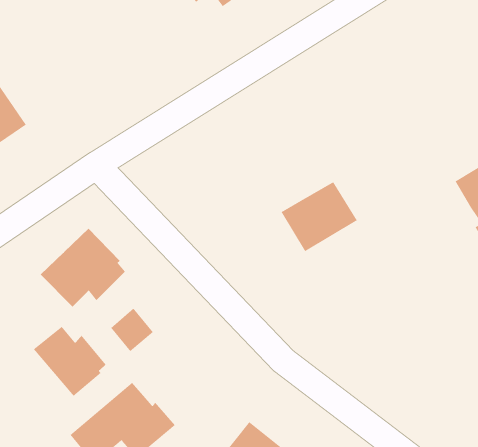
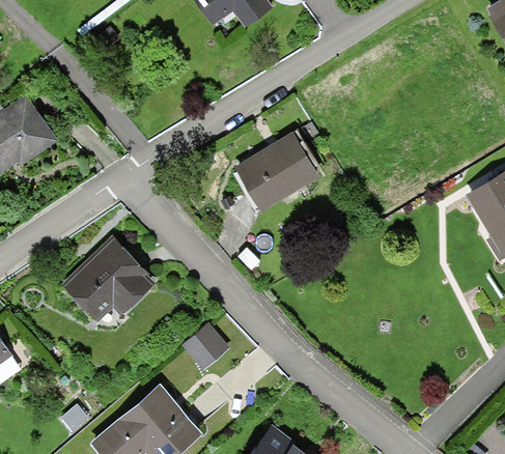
building: [280,181,358,252] -> [242,135,317,204]
building: [110,308,154,352] -> [185,323,227,367]
building: [33,326,106,397] -> none

